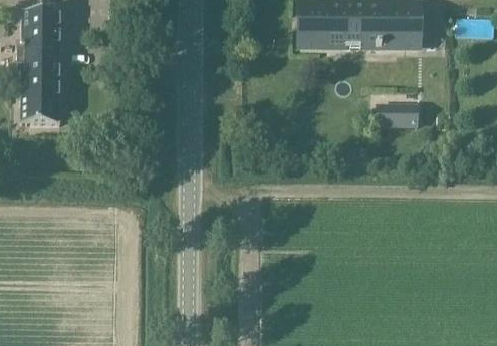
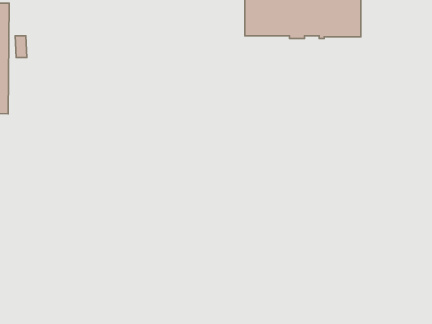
building: [376,102,418,127] -> none

